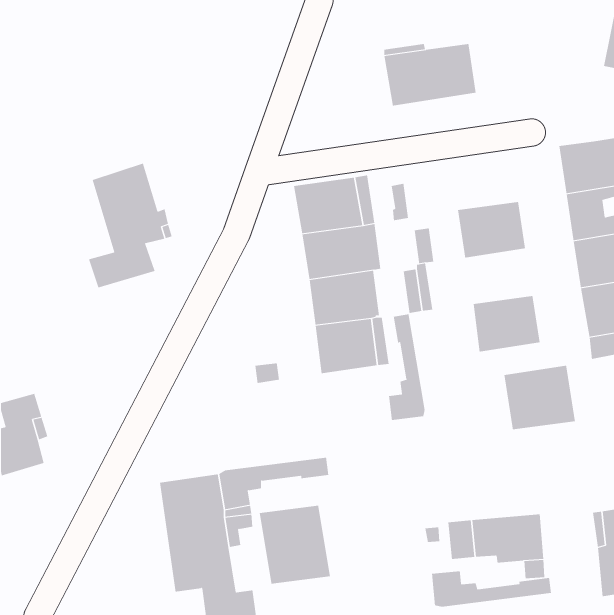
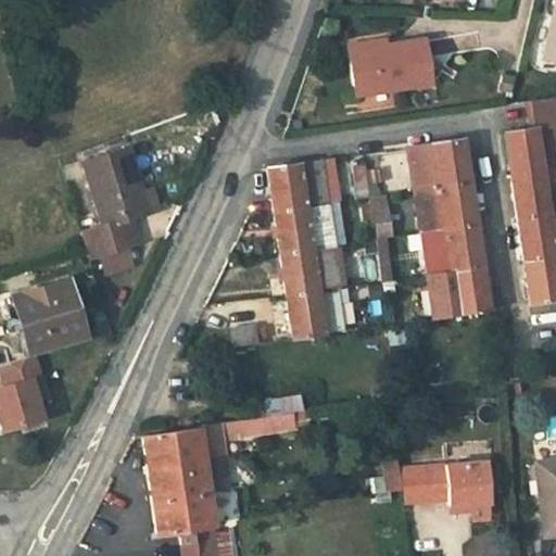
building: none -> [408,139,469,190]
building: none -> [420,225,482,275]
building: none -> [12,280,85,352]
building: [389,314,425,421] -> none
building: [504,365,575,430] -> none
building: [259,505,330,584] -> none
building: [431,571,552,607] -> none

